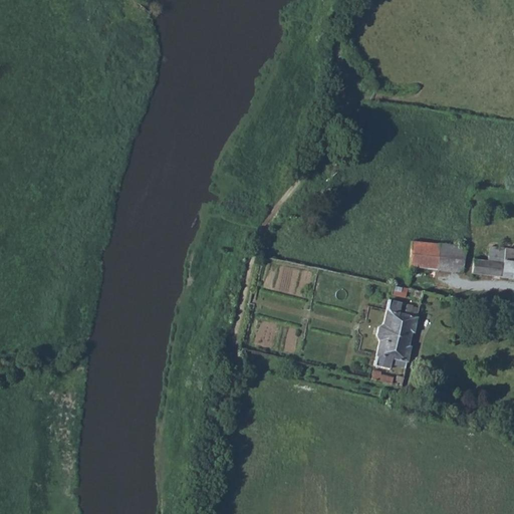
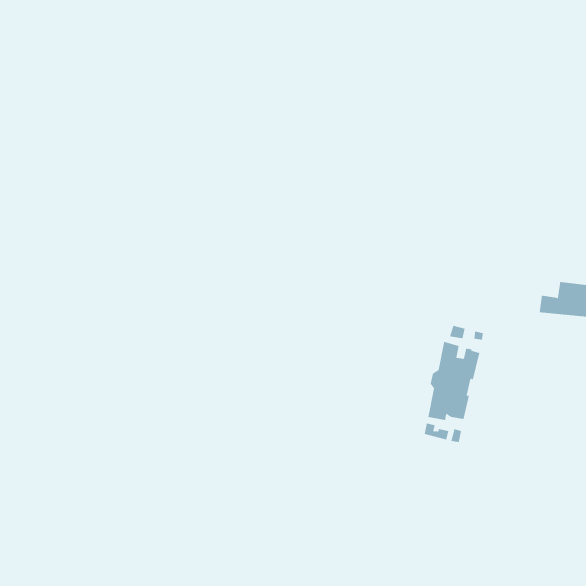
building: [410,241,467,272] -> none

